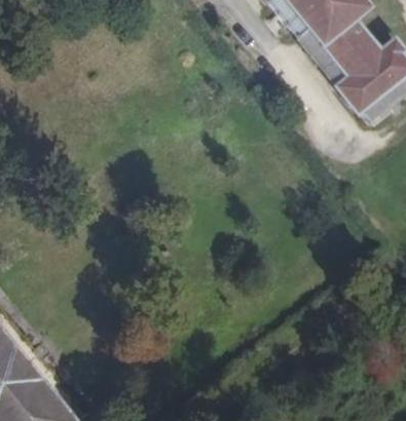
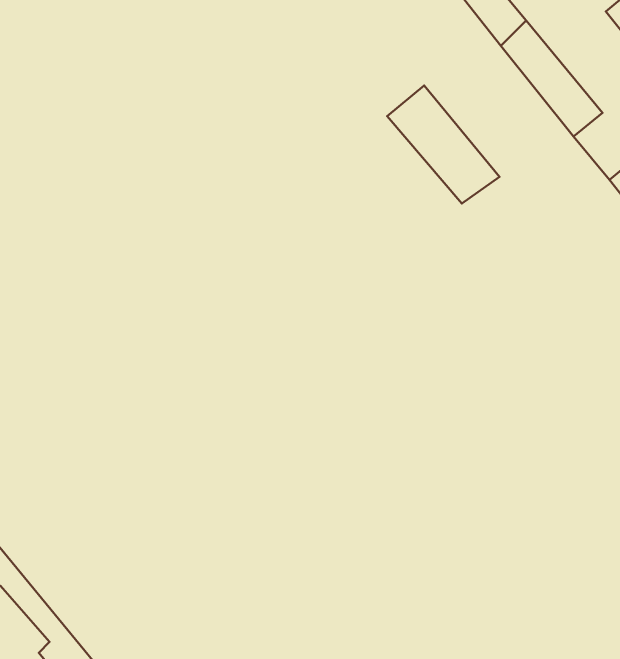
building: none -> [387,85,499,204]

